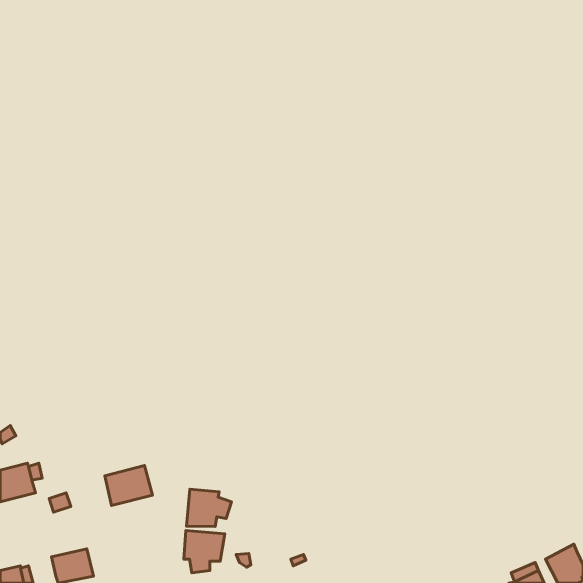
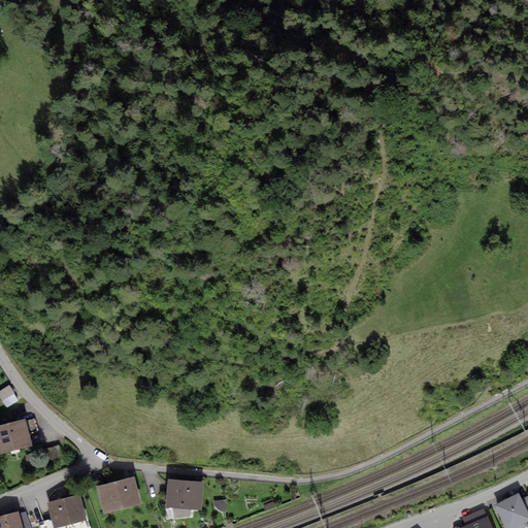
building: [105,466,153,506] -> [96,478,139,515]
building: [186,489,232,526] -> none

